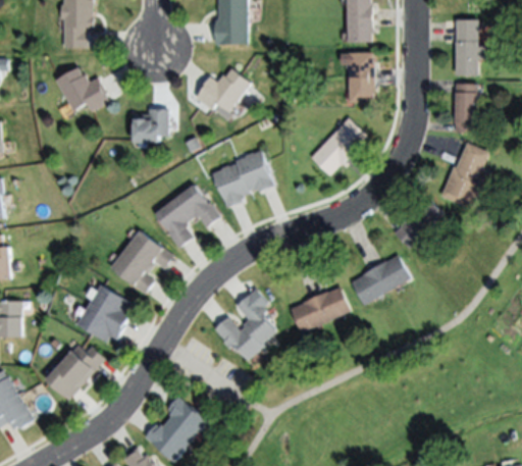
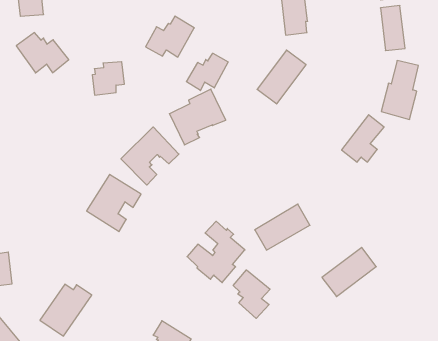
building: none -> [186,53,228,91]
building: [349,256,409,306] -> [322,247,376,297]
building: [76,284,130,342] -> none
building: none -> [233,270,270,318]

